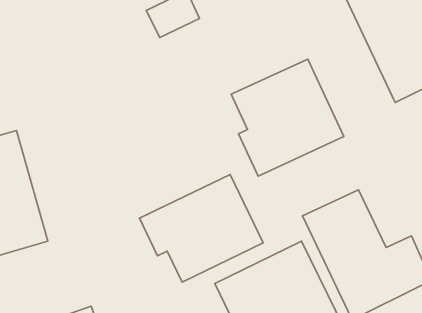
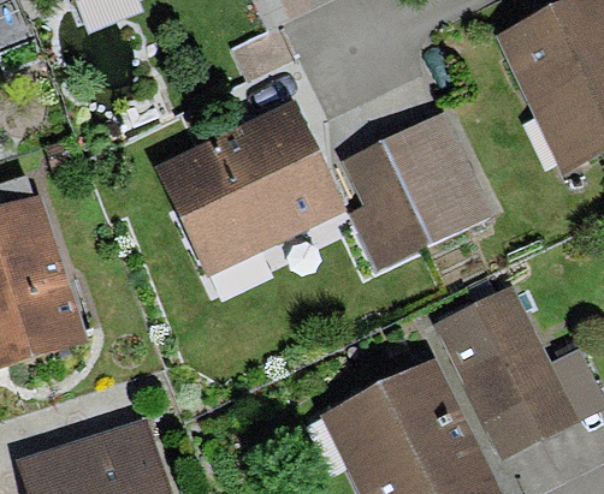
building: none -> [153,100,345,276]
building: [139,174,263,282] -> none

